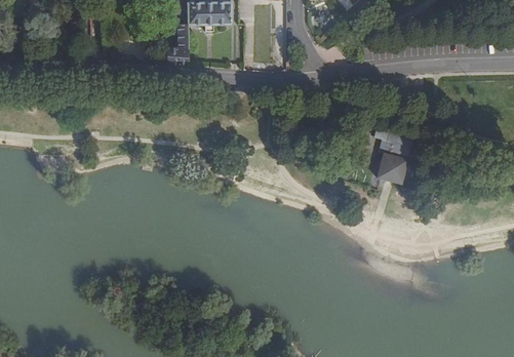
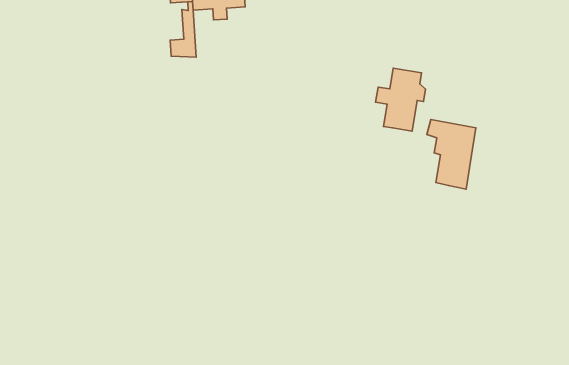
building: none -> [376,68,426,131]

